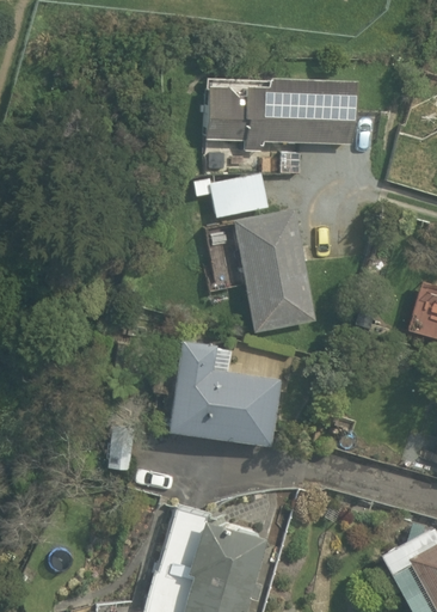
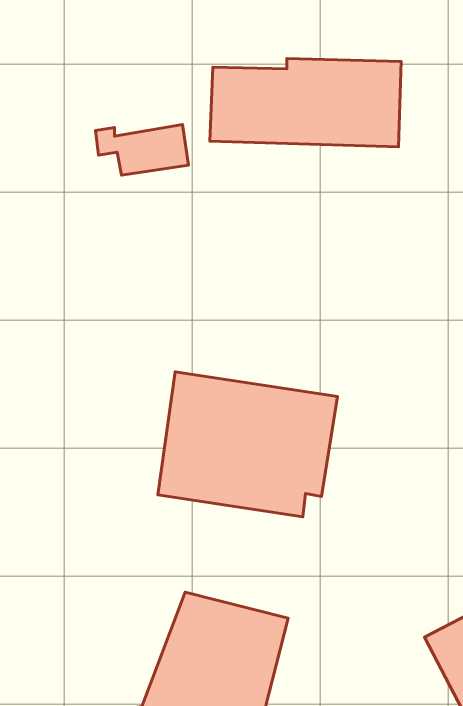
building: [195,173,271,215] -> [96,125,188,175]
building: [207,210,316,335] -> none

